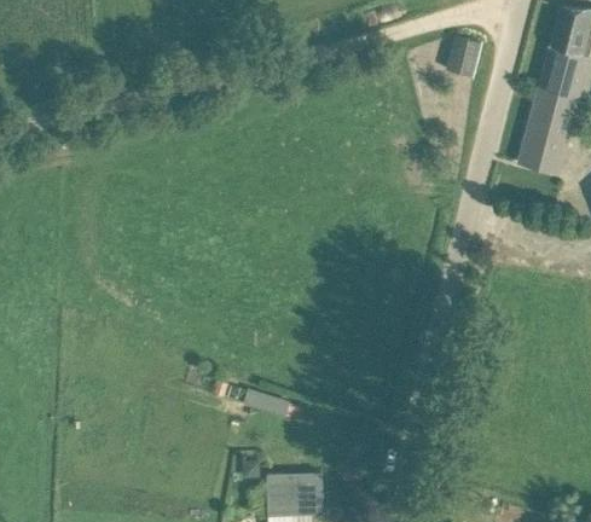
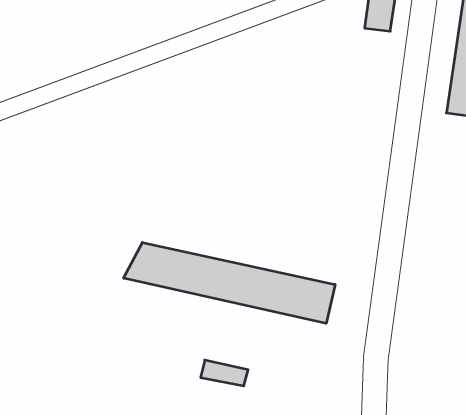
building: none -> [124,242,335,323]

